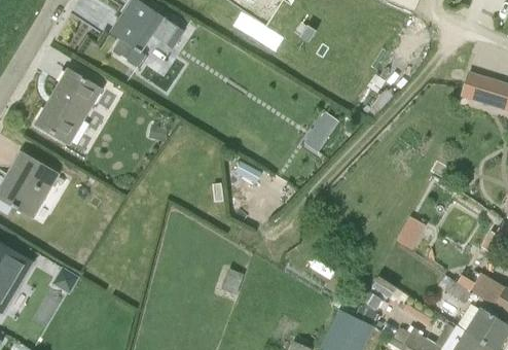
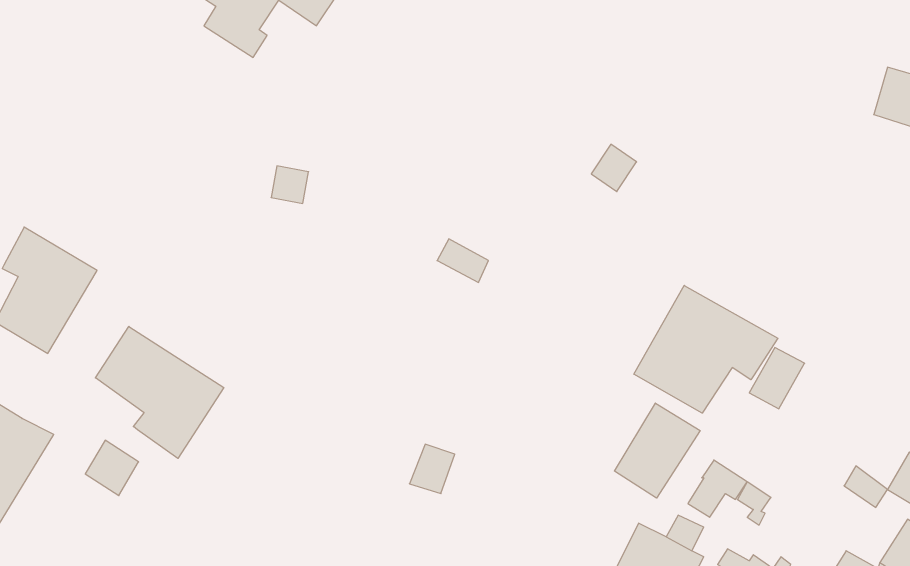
building: [37,70,102,143] -> none
building: none -> [634,285,778,413]
building: none -> [95,326,224,458]
building: none -> [614,403,700,498]

